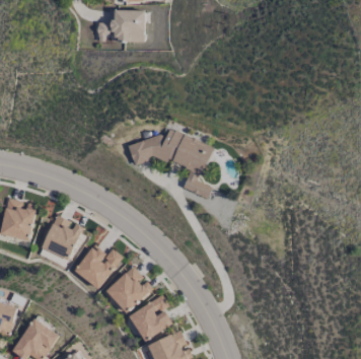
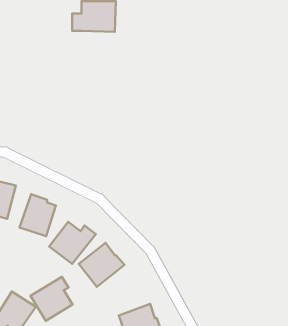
building: [127,129,213,199] -> none
building: [128,295,172,342] -> [30,277,72,321]

